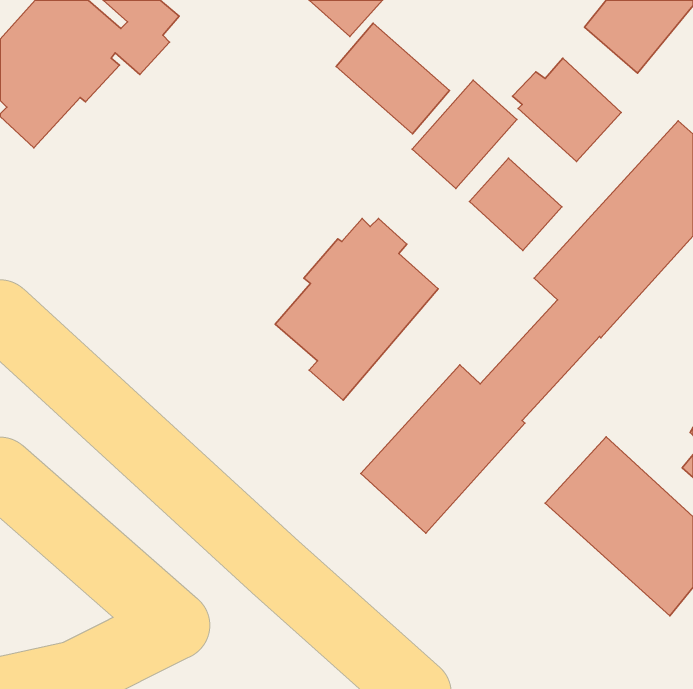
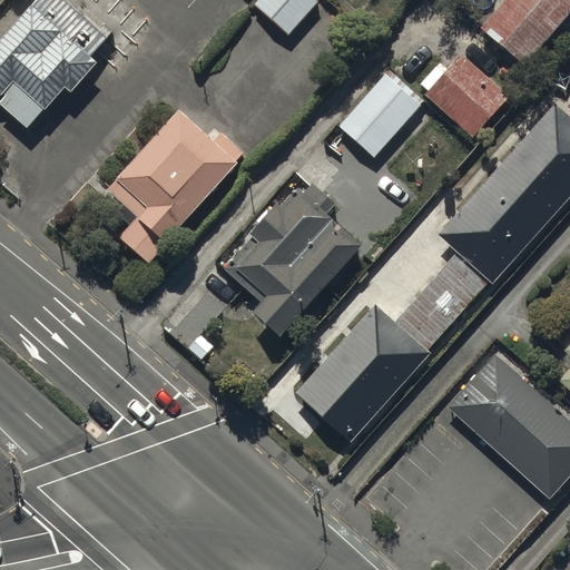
building: [336,23,450,134] -> none
building: none -> [107,106,243,261]
building: [470,158,562,250] -> none

